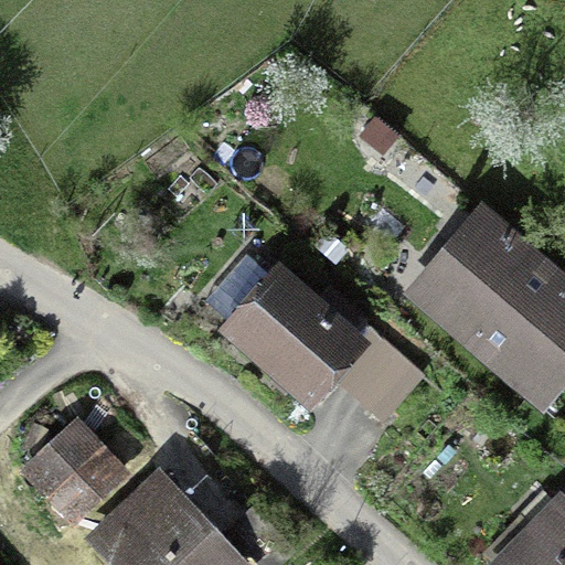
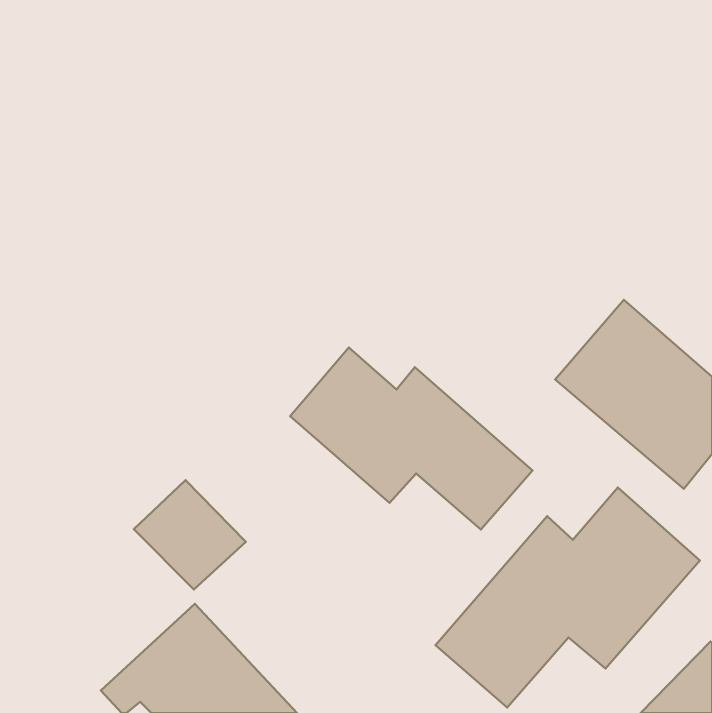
building: none -> [435,488,700,707]
building: [28,426,116,512] -> [134,480,246,590]

